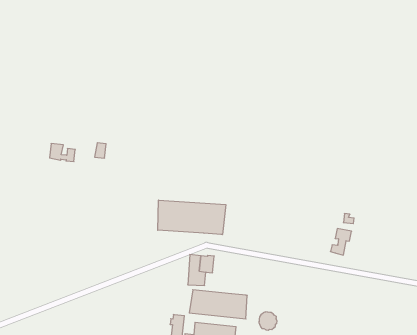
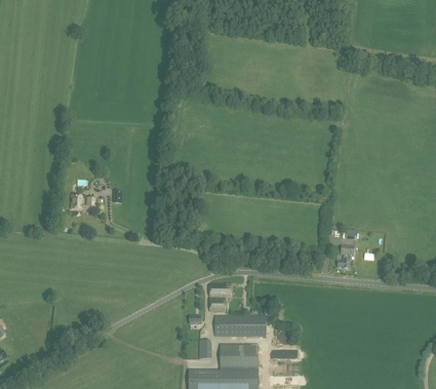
building: [158,200,226,235] -> none

